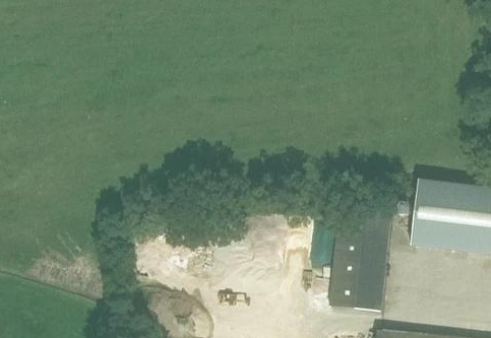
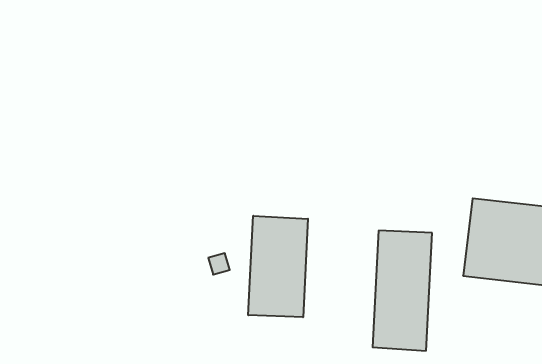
building: none -> [248,216,308,317]

